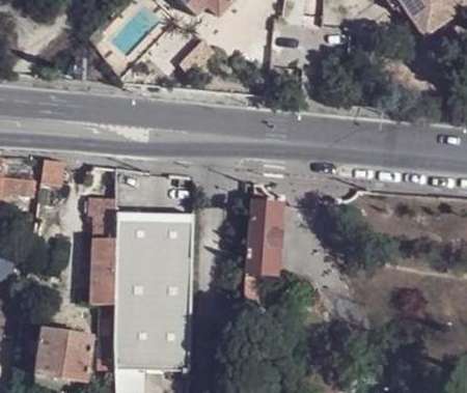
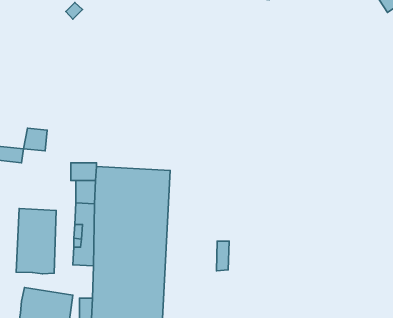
building: [245,205,277,273] -> none
building: none -> [16,208,56,274]

